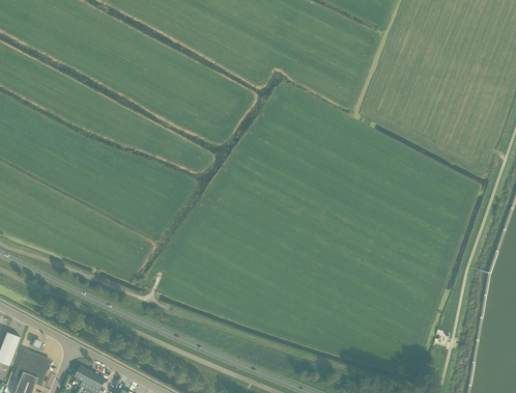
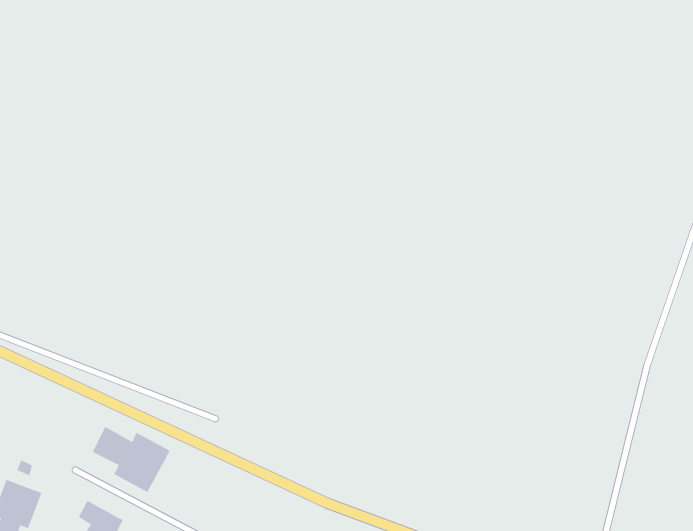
building: none -> [92,426,170,493]

